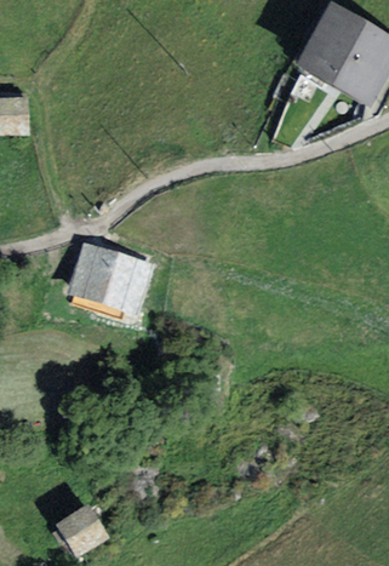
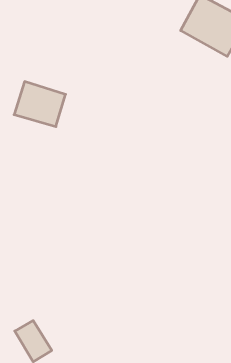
building: [67,245,144,313] -> [14,82,66,127]

